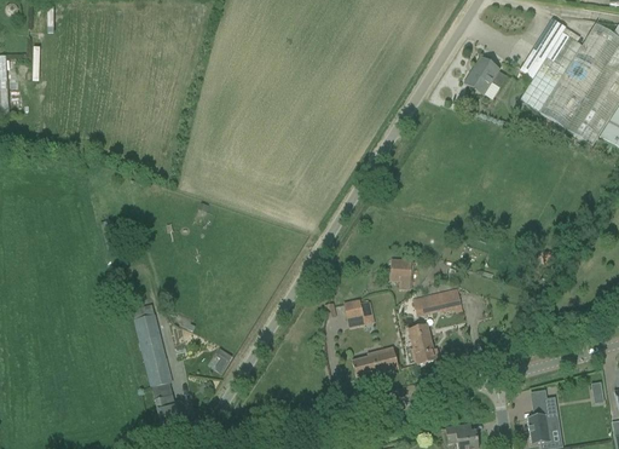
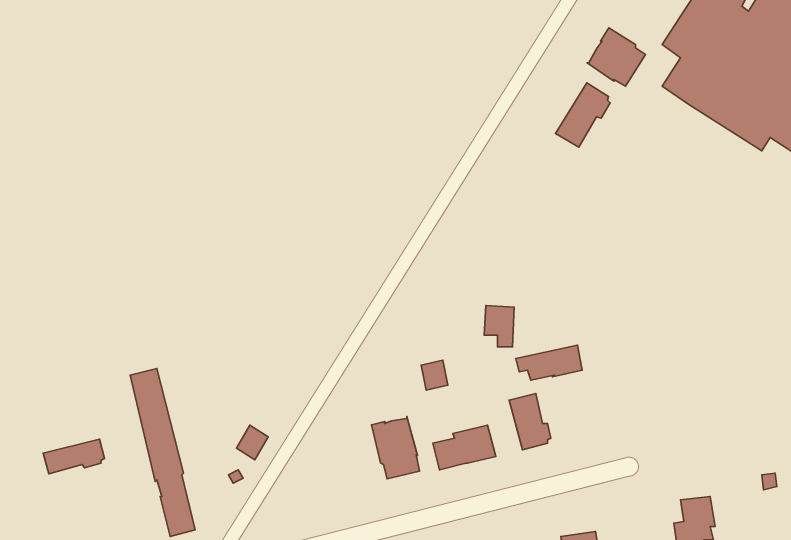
building: none -> [555,83,610,147]
building: none -> [371,416,419,479]
building: none -> [43,439,104,474]

